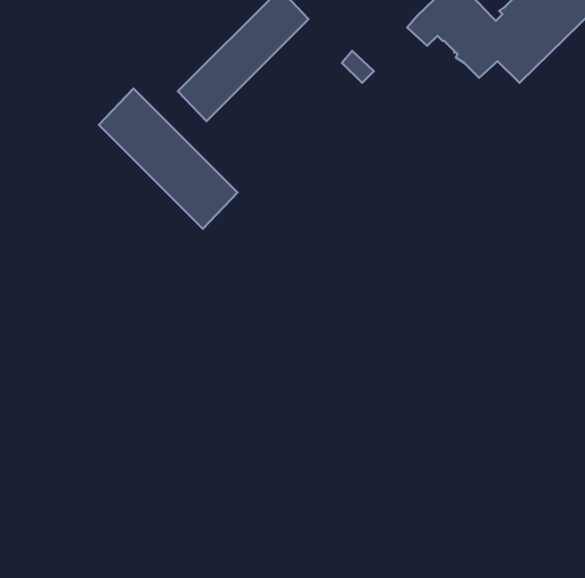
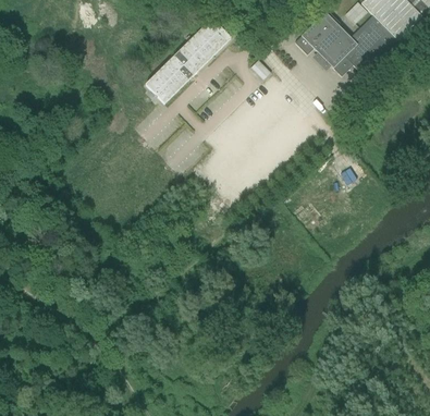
building: [99,89,237,229] -> none

